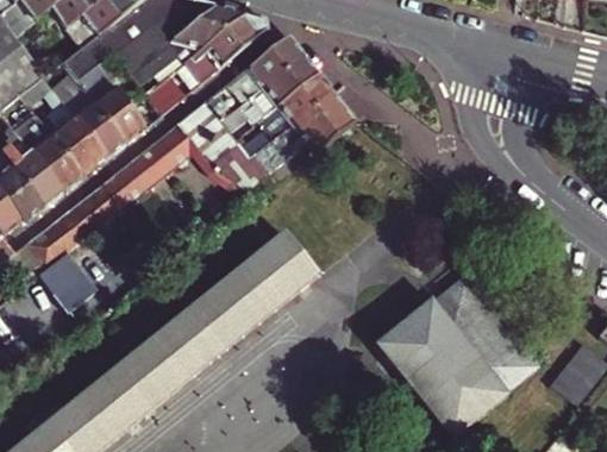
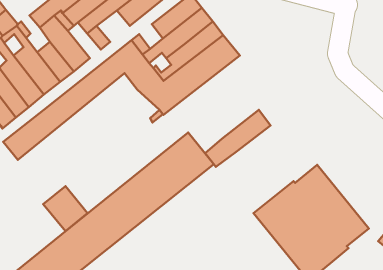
building: none -> [205,110,270,167]
building: [40,246,102,309] -> [43,186,87,231]

